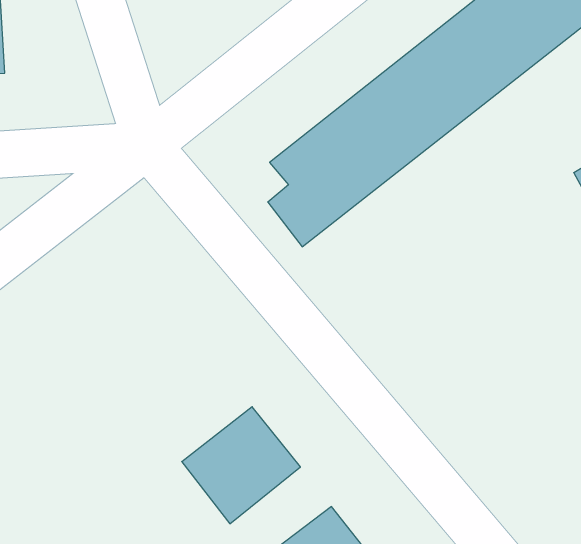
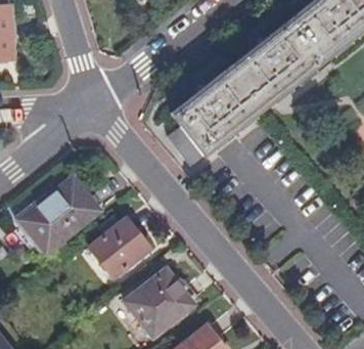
building: none -> [17,171,94,243]
building: none -> [84,207,146,269]

